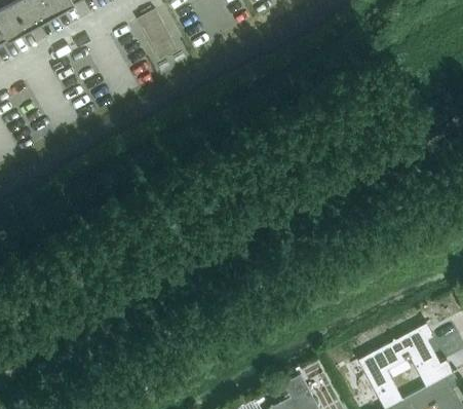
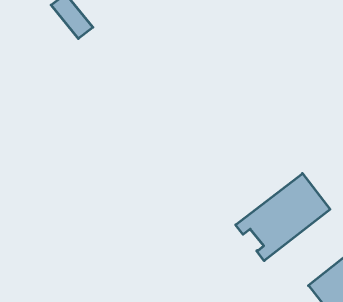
building: none -> [236,173,330,261]

